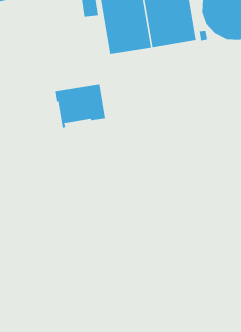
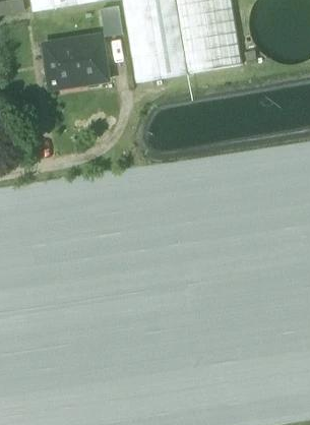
building: [55,84,106,128] -> [44,37,107,92]

